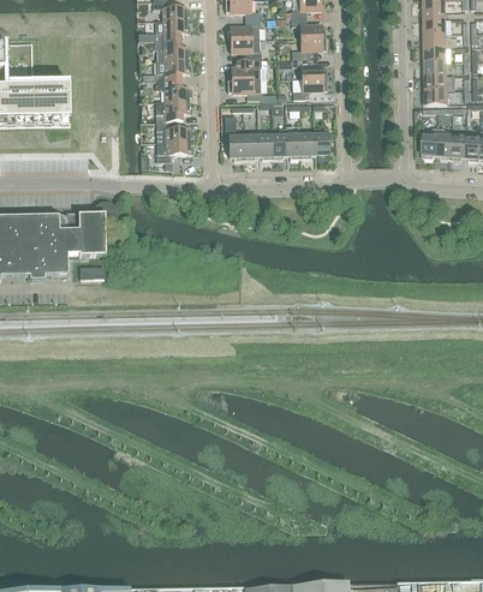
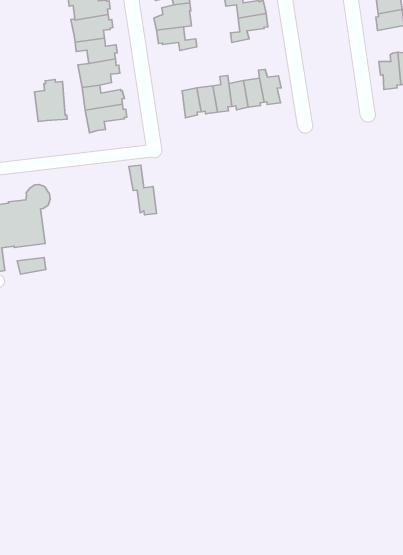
building: none -> [34,80,67,121]
building: [225,114,244,159] -> [129,165,157,215]

